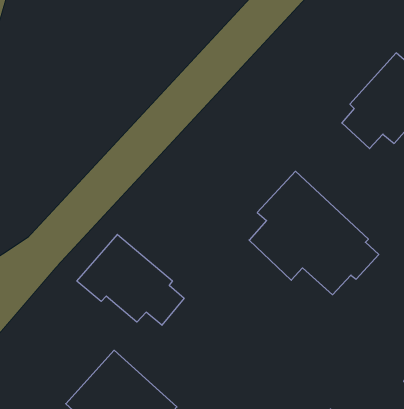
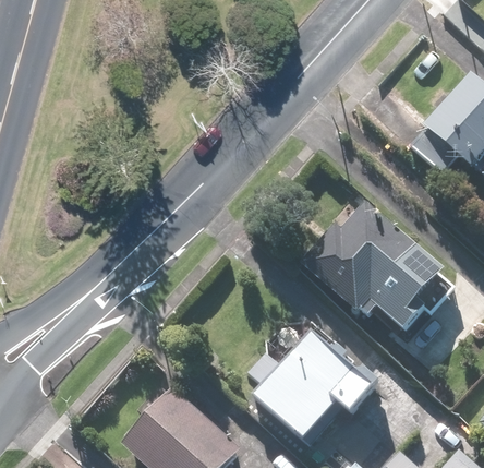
building: [77,234,184,325] -> none
building: none -> [249,332,378,437]

